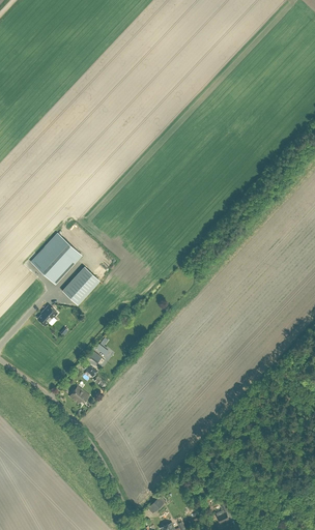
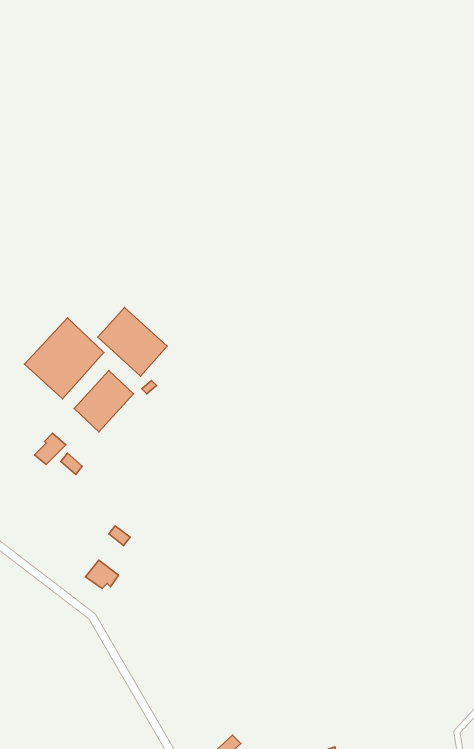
building: none -> [98,307,167,376]

